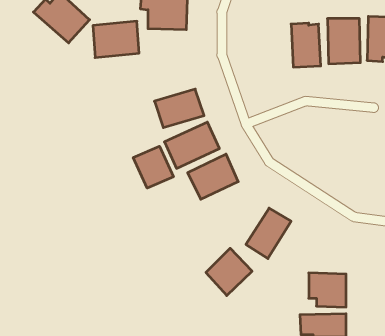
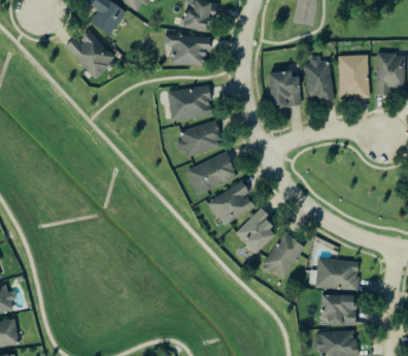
building: [93,21,139,58] -> [168,86,211,120]
building: none -> [268,70,302,107]
building: [133,146,173,188] -> none
building: none -> [315,258,359,289]
building: [206,248,252,296] -> [235,208,278,253]

